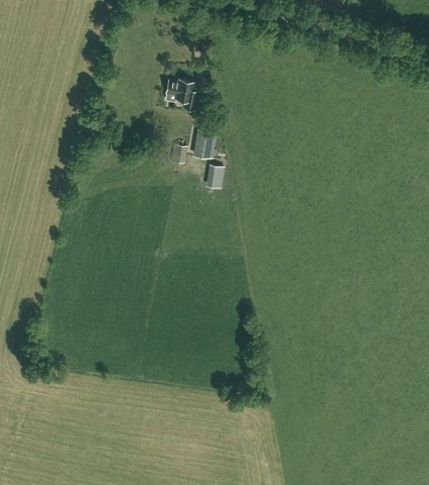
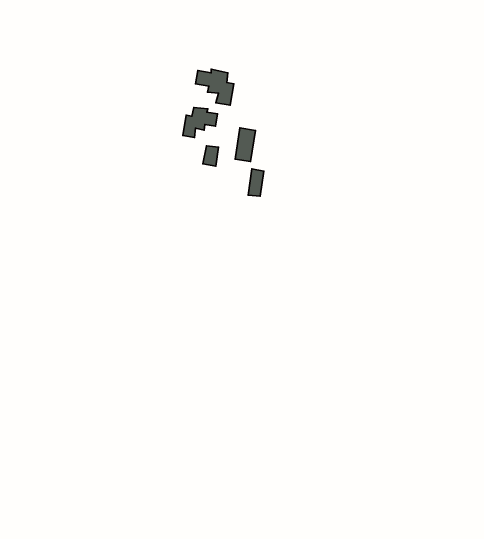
building: none -> [183,107,218,138]

